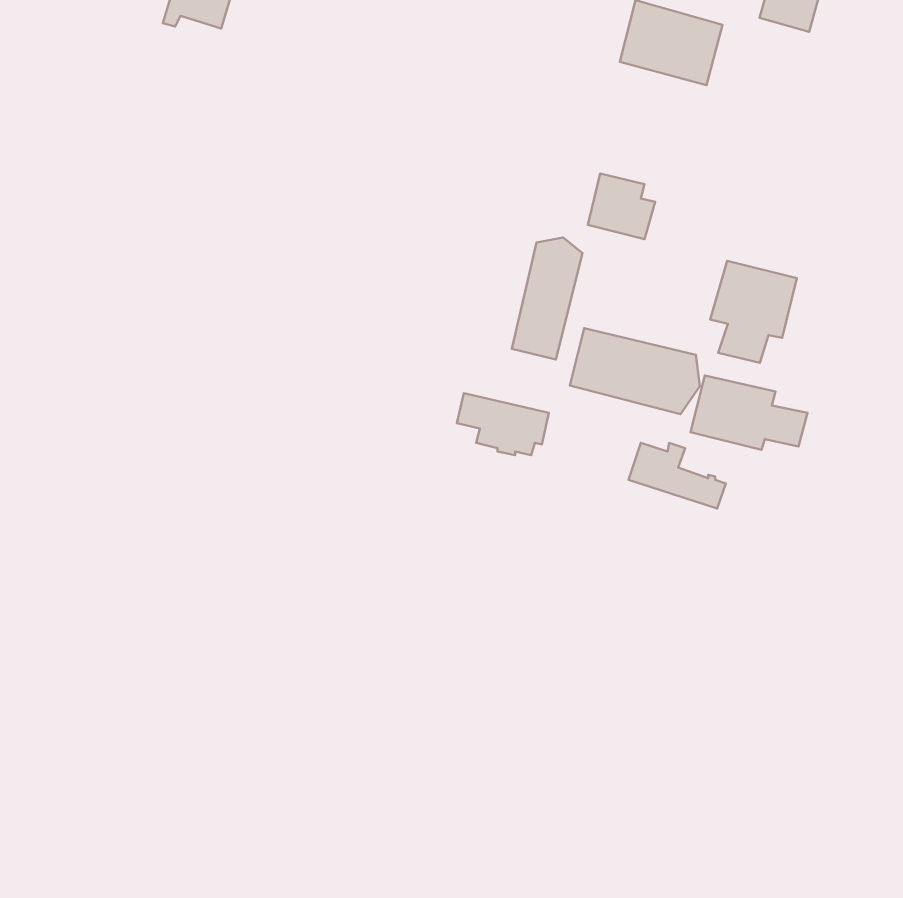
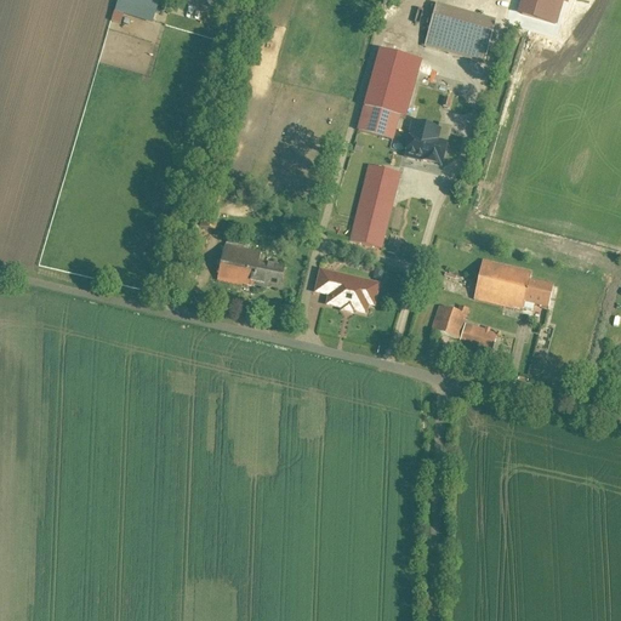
building: none -> [359,34,422,137]
building: [710,261,797,363] -> none
building: [570,328,700,414] -> none
building: none -> [216,243,280,291]

